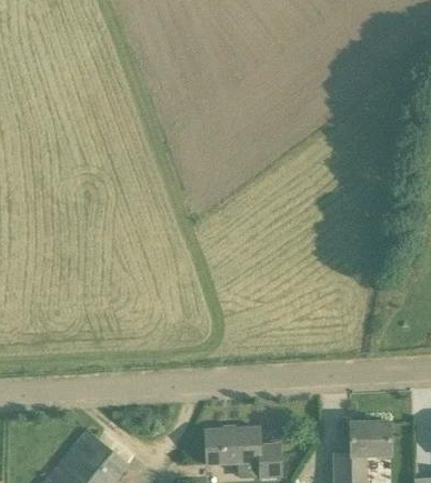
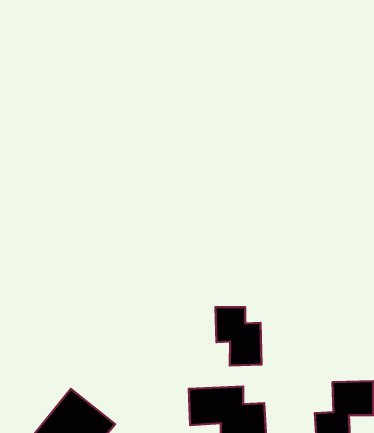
building: none -> [215,307,261,365]

